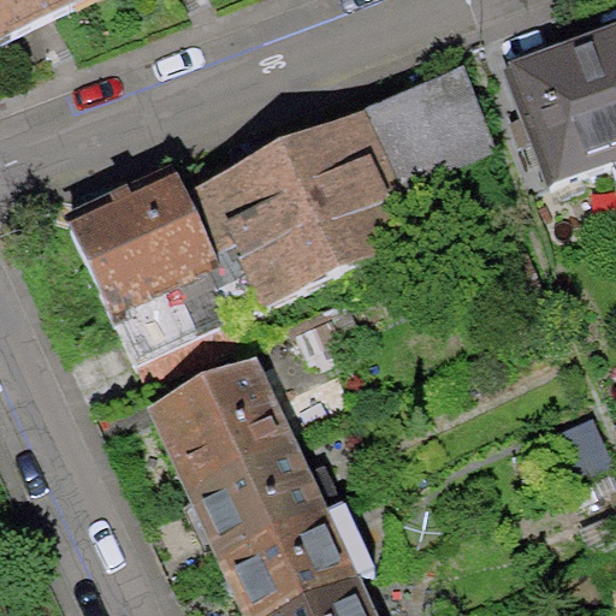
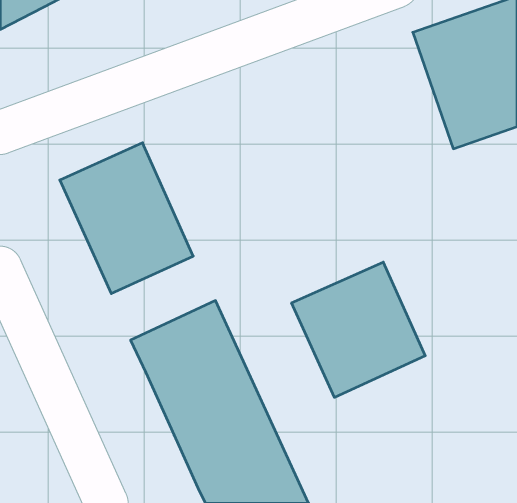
building: [209,73,492,302] -> none
building: none -> [292,262,425,397]

